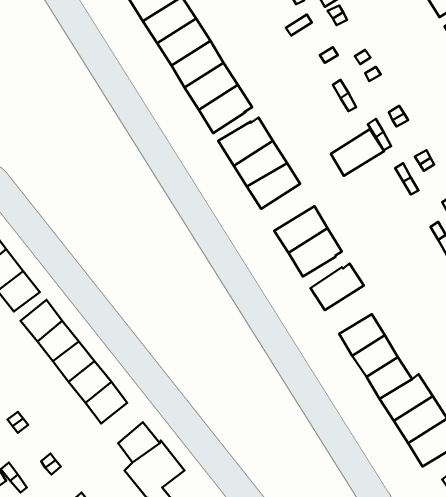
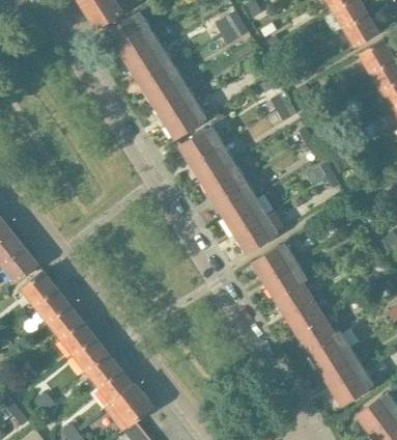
building: [331,129,384,176] -> [214,181,256,218]
building: none -> [264,262,307,300]
building: none -> [86,355,119,387]

